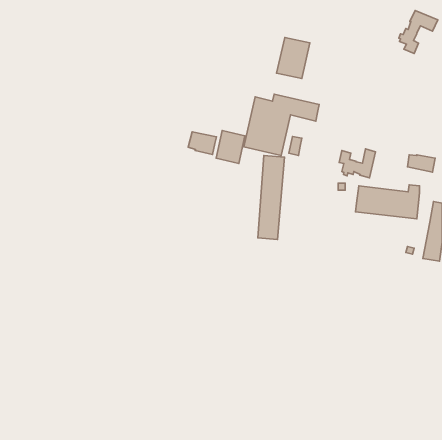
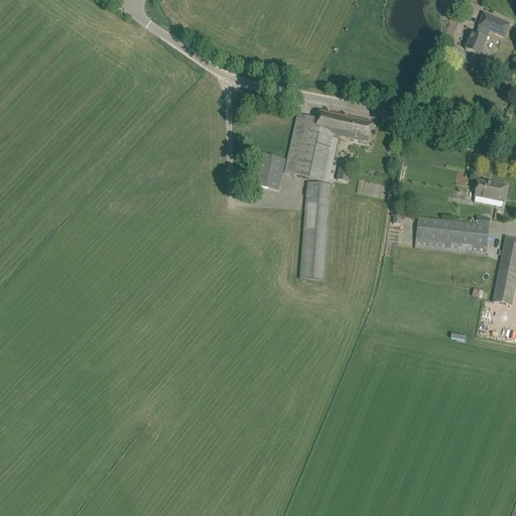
building: [277,37,310,79] -> none
building: [188,132,216,154] -> none
building: [339,149,375,178] -> none

